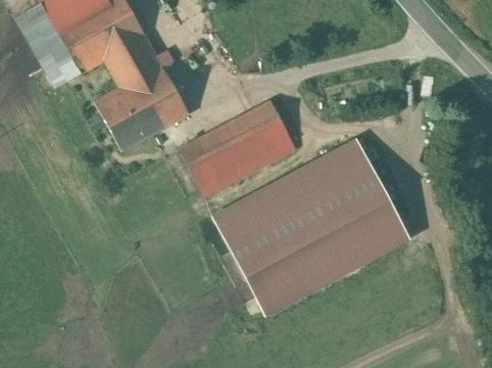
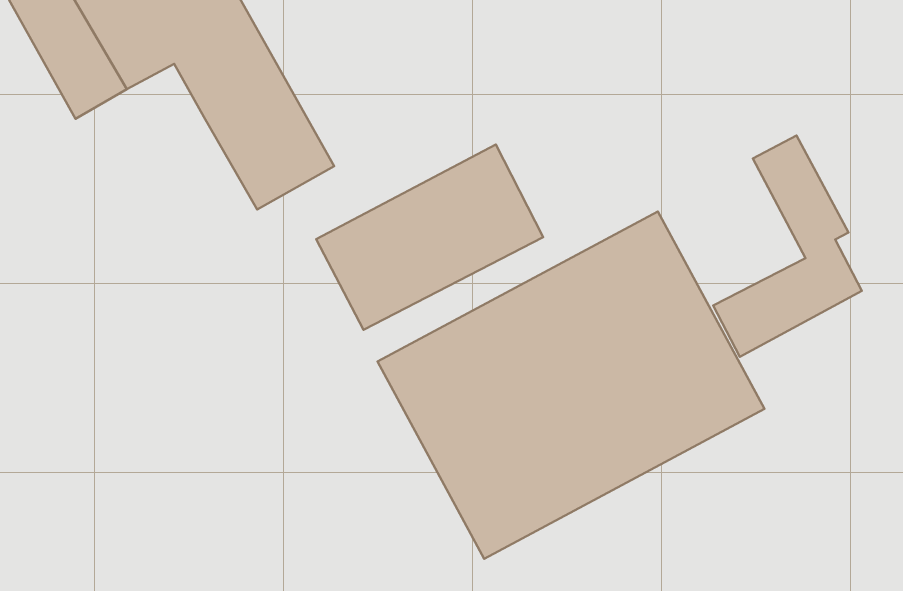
building: [95,87,148,149] -> none
building: none -> [713,136,862,357]

